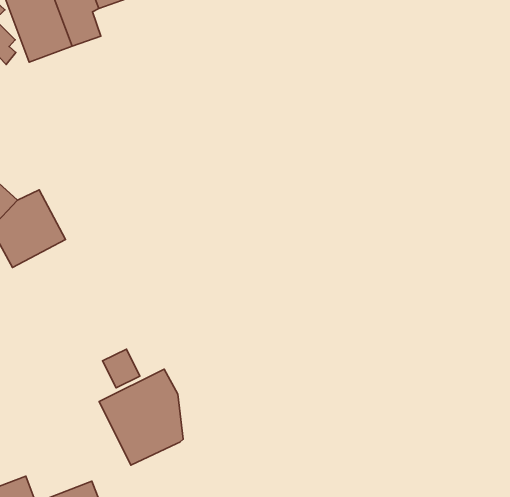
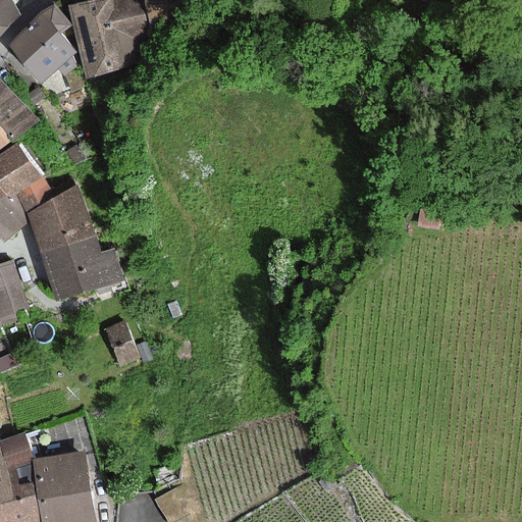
building: none -> [42,233,120,298]
building: [99,369,183,465] -> none

